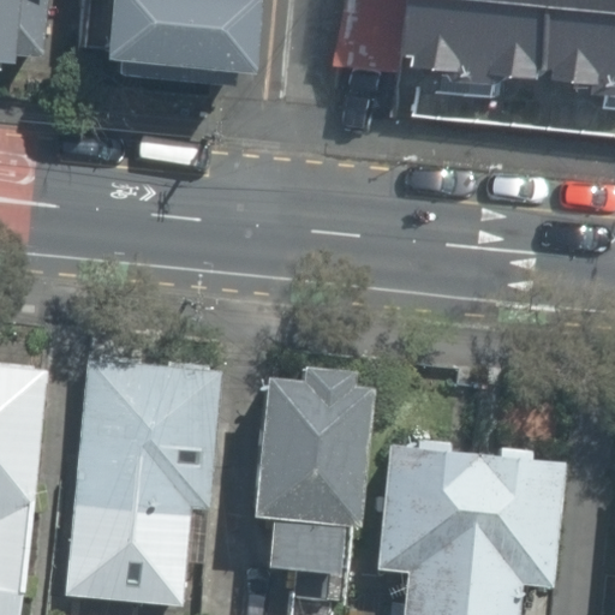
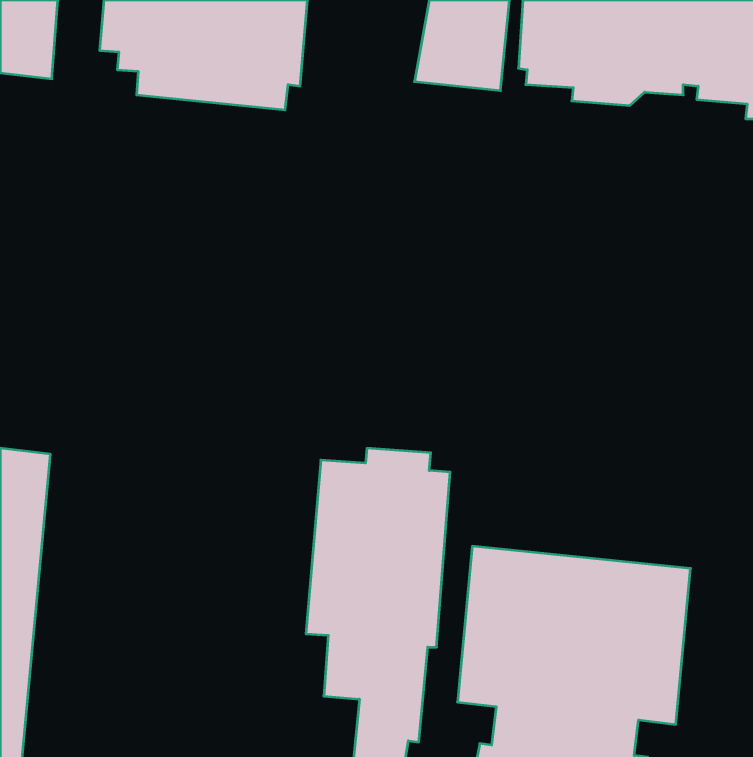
building: [68,360,220,601] -> none

